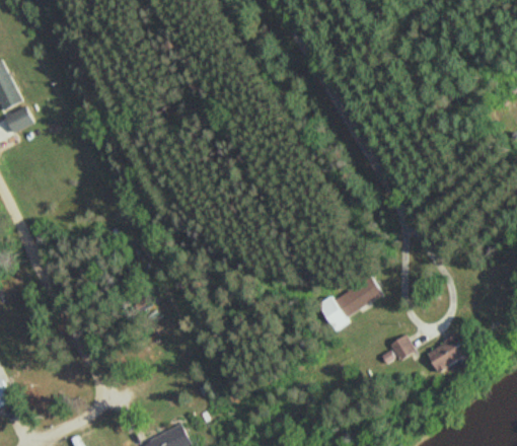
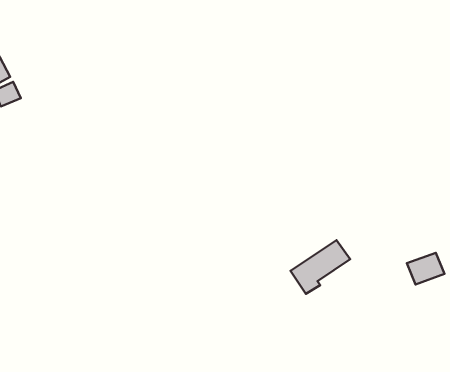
building: [389,334,416,361] -> none
building: [431,336,470,369] -> [407,253,444,284]

